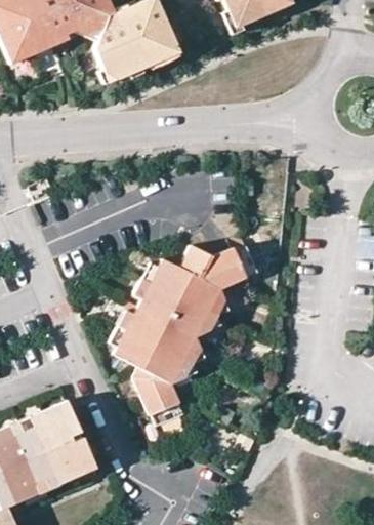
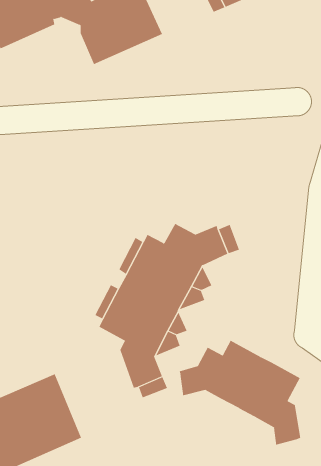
building: none -> [179,340,301,446]

